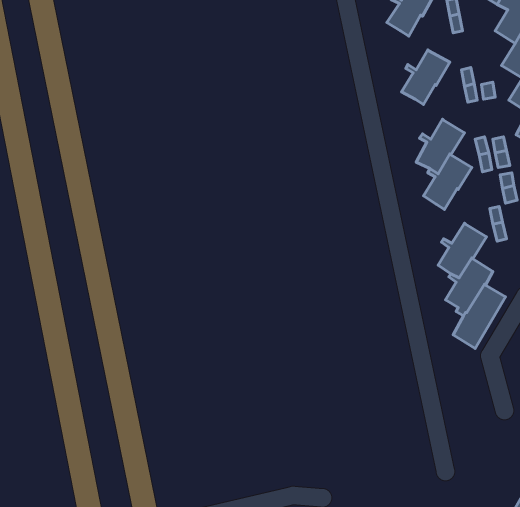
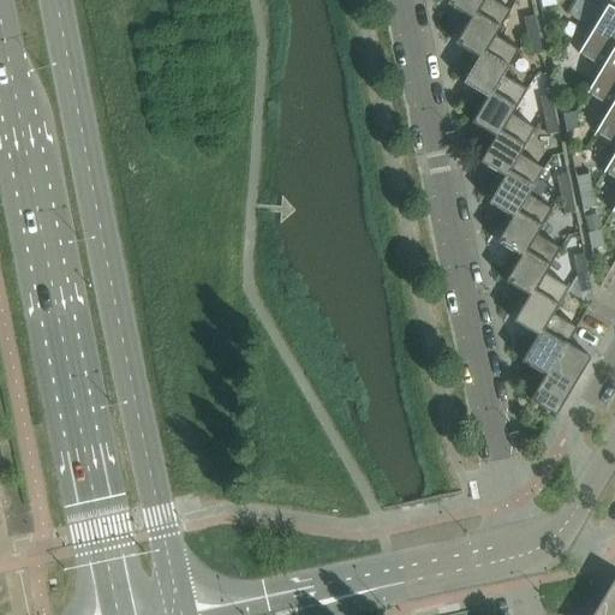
building: none -> [464,34,519,96]
building: none -> [480,113,536,175]
building: none -> [506,232,561,294]

